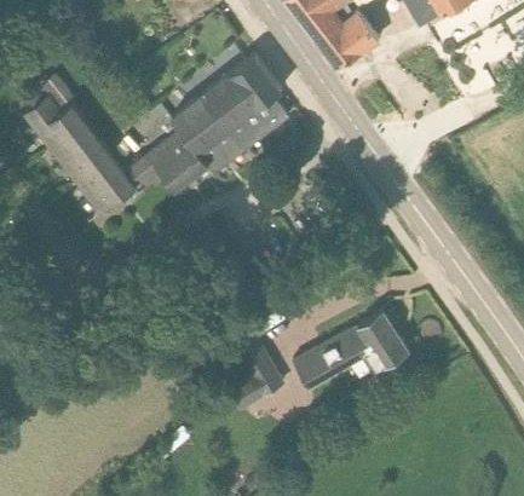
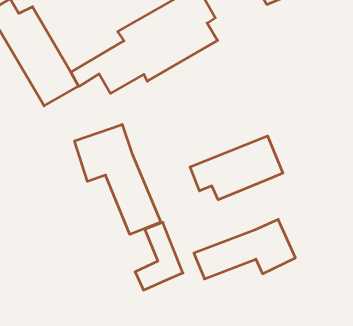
building: none -> [190,136,283,200]
building: none -> [75,124,161,234]

